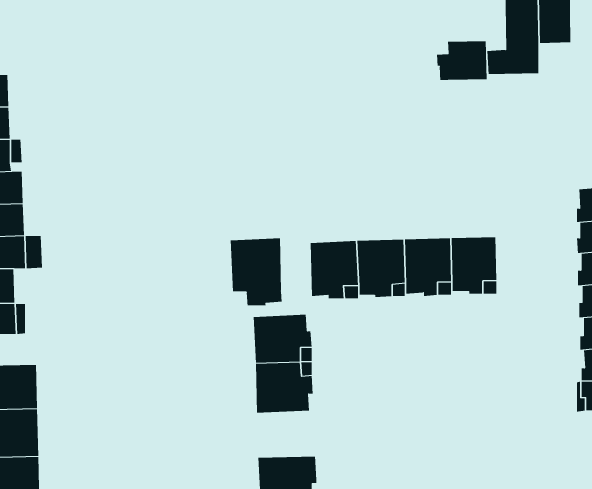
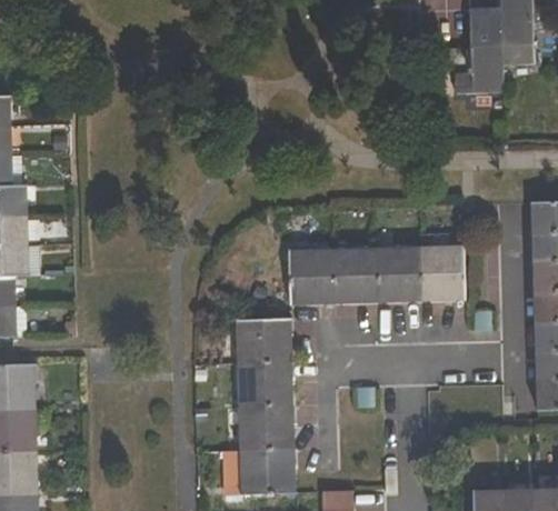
building: [437,40,487,81] -> none
building: [230,238,282,306] -> none
building: none -> [239,409,295,452]

